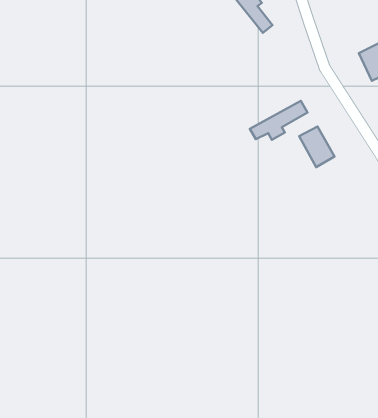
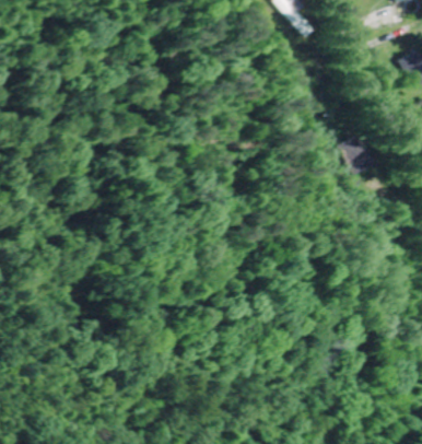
building: [250,101,308,140] -> none

